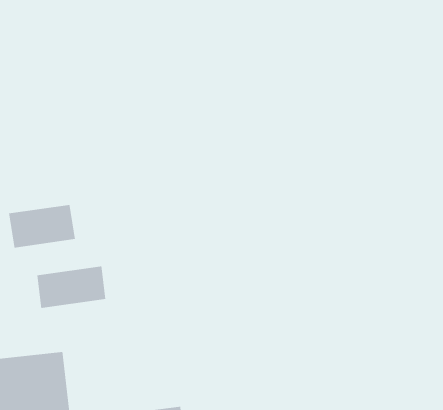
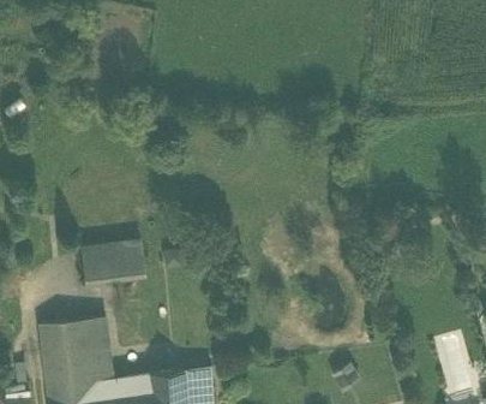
building: [8,204,76,248] -> none

